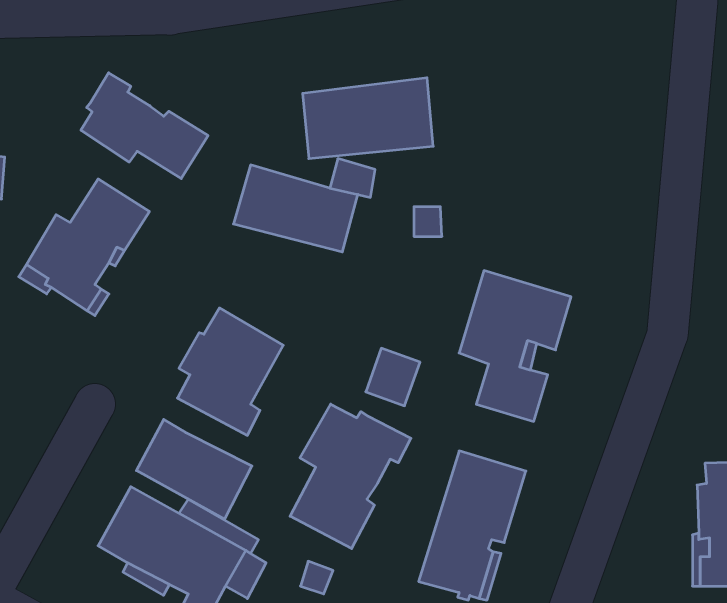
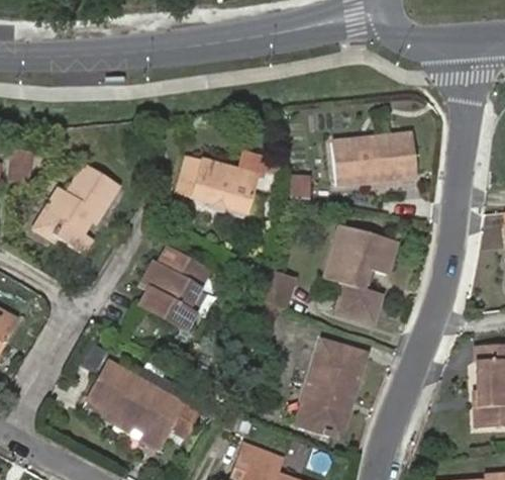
building: [81,73,208,179] -> none
building: [303,78,433,159] -> [331,130,416,183]
building: [290,404,411,549] -> none
building: [136,419,252,519] -> none

